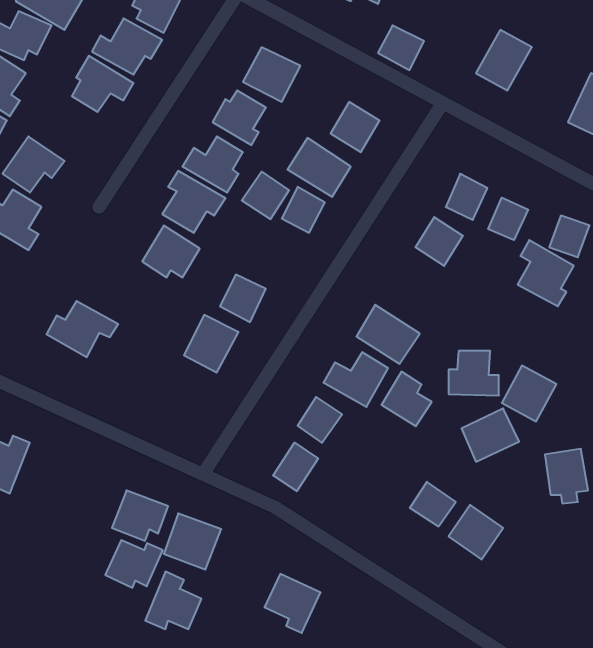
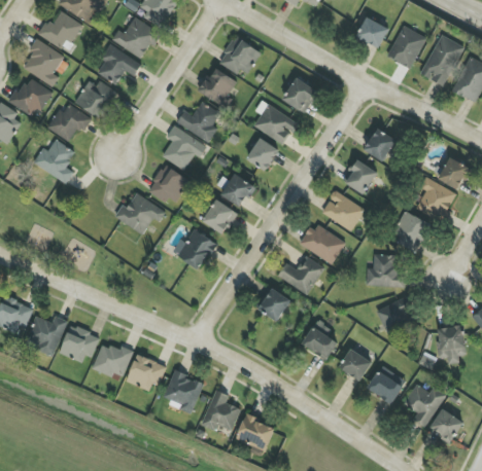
building: [378,25,424,70] -> [355,16,388,48]
building: none -> [420,34,463,84]
building: none -> [77,76,116,117]
building: [242,172,289,219] -> [220,173,254,207]
building: [488,198,528,240] -> none
building: none -> [320,190,365,230]
building: [46,301,118,357] -> [114,193,166,233]
building: [502,365,556,421] -> [390,210,429,250]
building: [381,372,432,426] -> [302,320,338,359]
building: [273,443,318,491] -> none
building: none -> [59,324,100,361]
building: none -> [404,383,445,426]
building: [105,540,163,588] -> [92,342,133,376]
building: none -> [429,408,463,441]
building: [145,572,201,629] -> [201,389,241,430]

